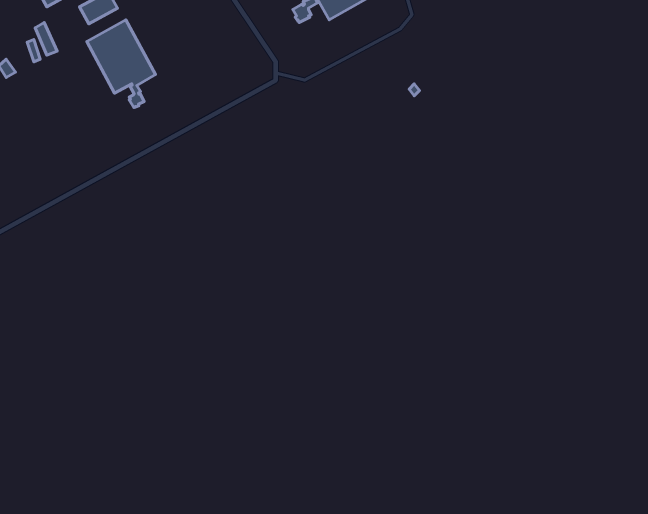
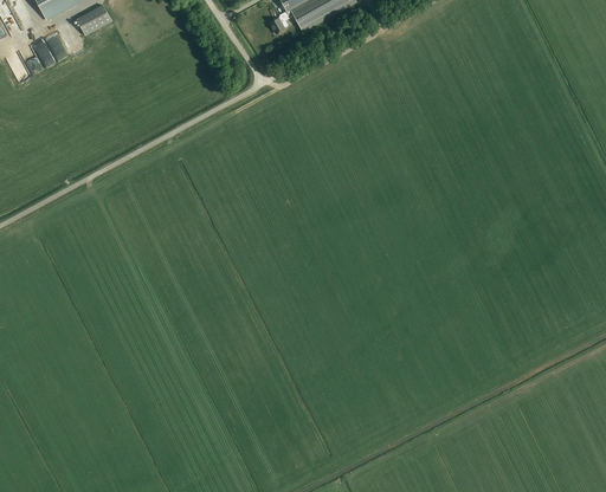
building: [87,20,156,108] -> none

